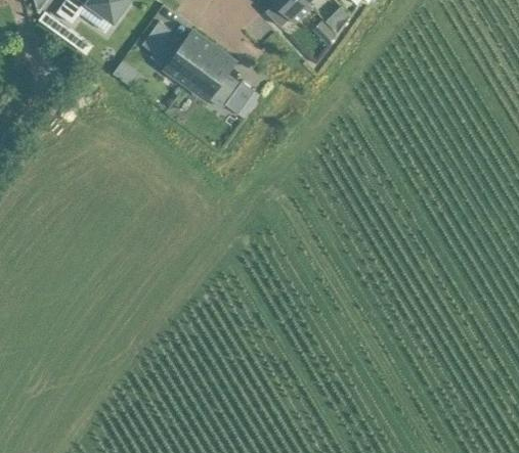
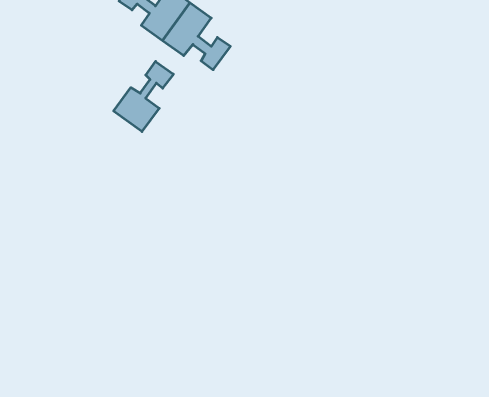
building: none -> [114,61,173,132]

